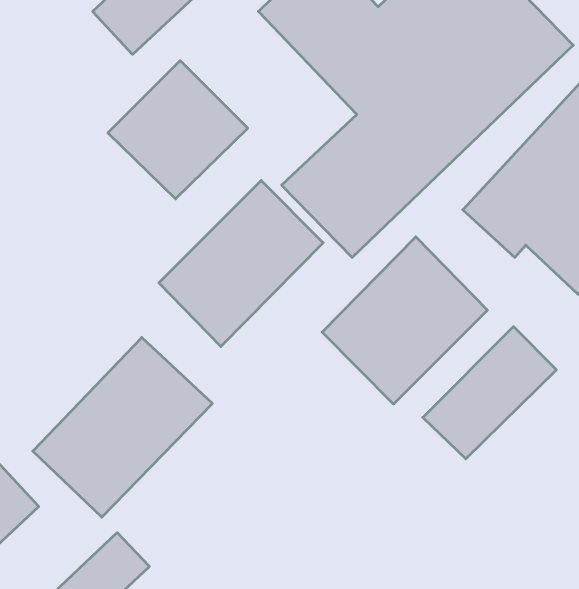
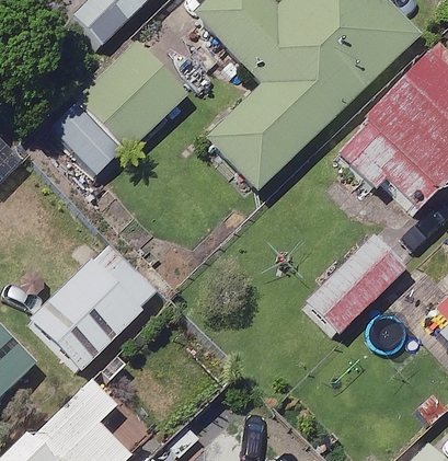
building: [159,180,323,347] -> none
building: [322,237,487,404] -> none

